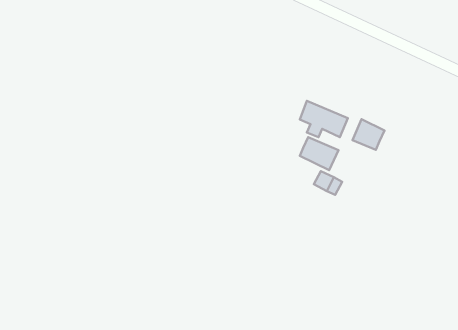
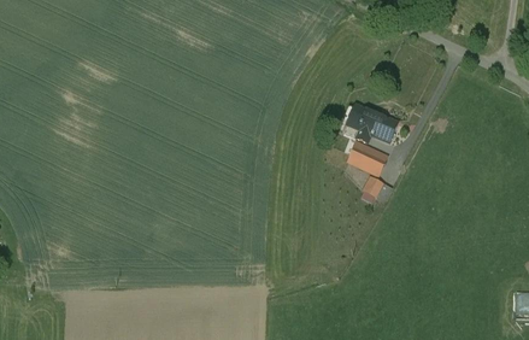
building: [353,119,384,150] -> none

